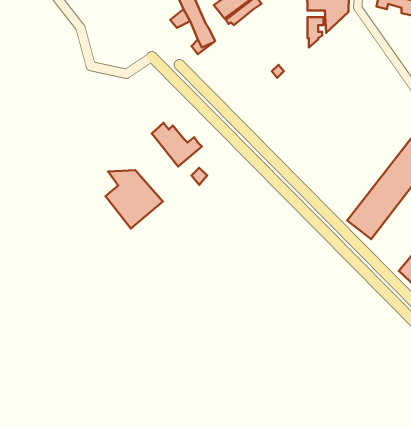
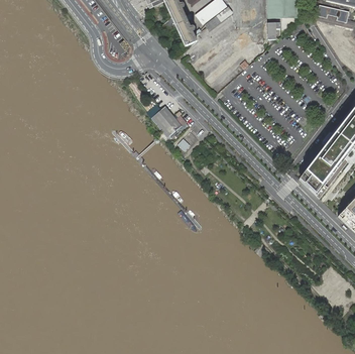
building: [105,170,163,228] -> none

